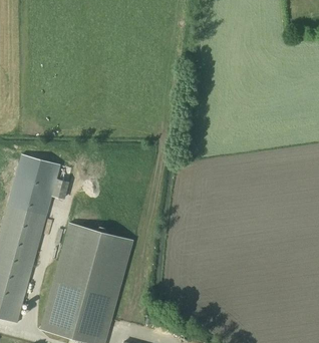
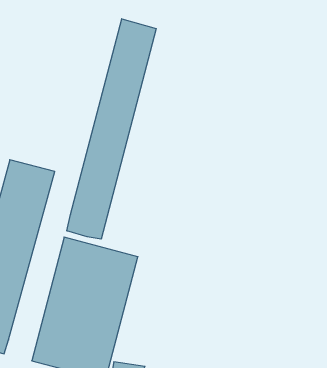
building: none -> [67,19,156,239]

